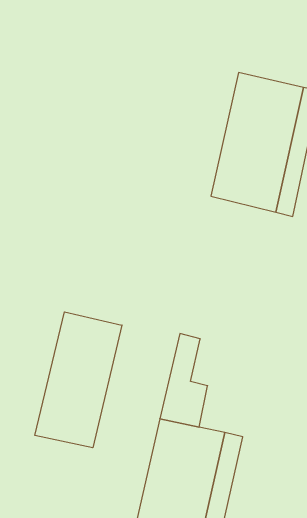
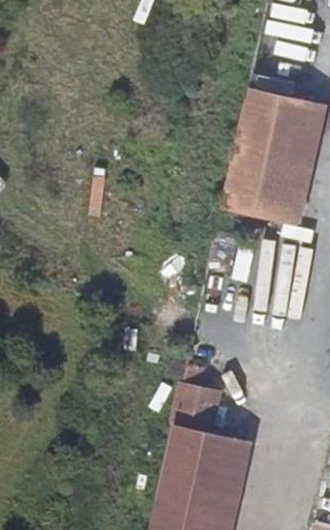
building: [35,312,122,448] -> none

